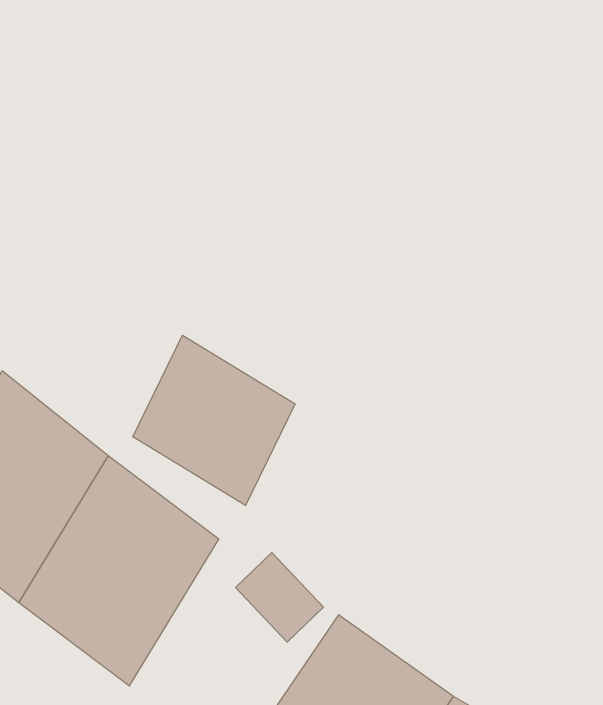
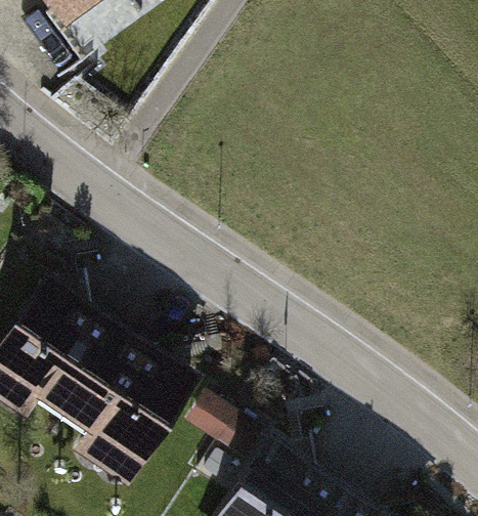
building: [133,335,295,506] -> none

